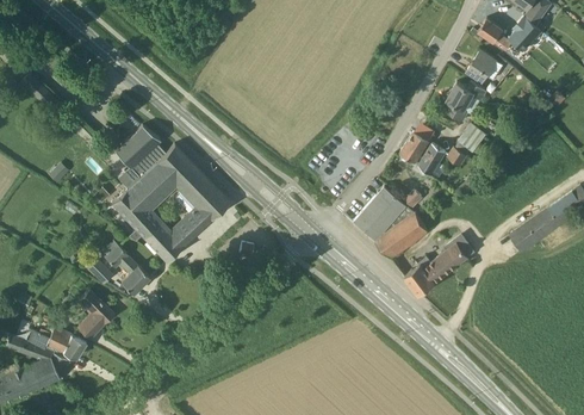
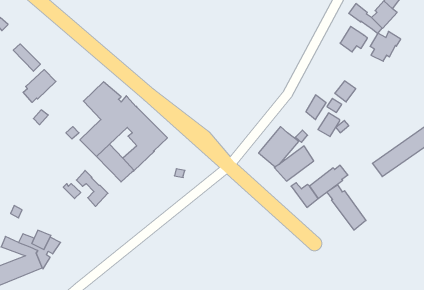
building: [446,81,487,122] -> [370,31,401,61]
building: none -> [23,70,56,102]
building: [399,131,429,163] -> [318,113,340,137]
building: none -> [327,185,366,230]
building: [75,290,112,340] -> none

